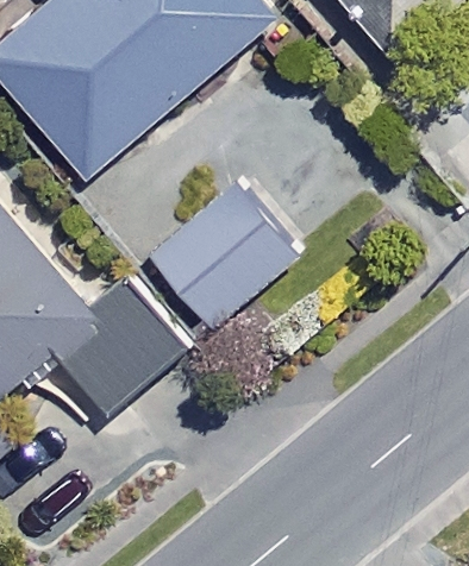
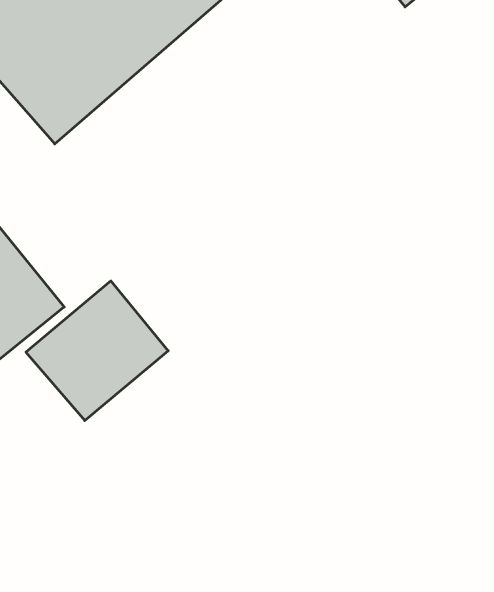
building: [154,187,296,327] -> none

